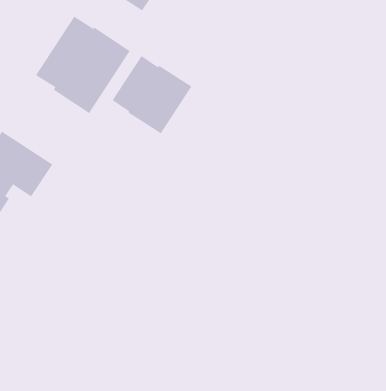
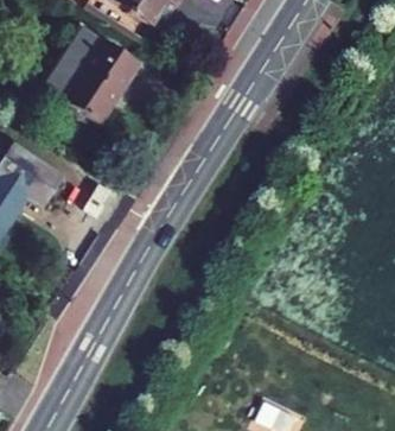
building: [112,55,192,134] -> none

